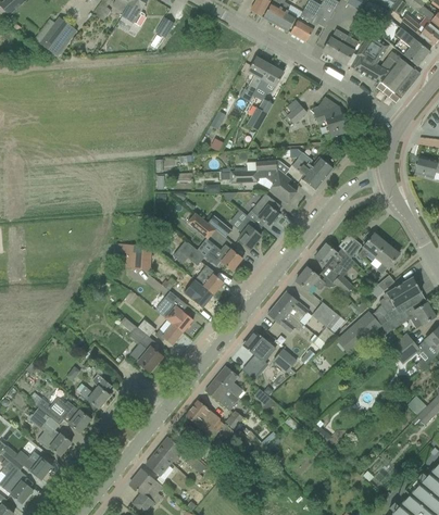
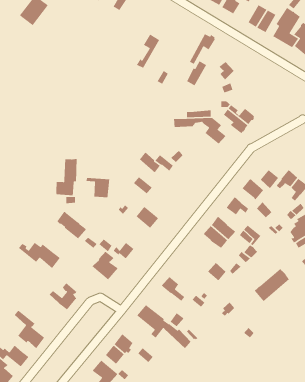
building: [239,58,269,101] -> [136,34,160,69]
building: [312,97,347,137] -> none
building: [251,194,280,226] -> none
building: [237,216,262,249] -> none
building: none -> [56,157,78,196]
building: [205,244,242,271] -> none
building: [195,265,224,294] -> none
building: [155,297,193,332] -> [56,211,87,240]
building: [336,312,380,354] -> [254,268,290,302]
building: [242,330,275,379] -> none
building: [204,378,240,411] -> none
building: [37,399,90,432] -> [18,242,61,269]

